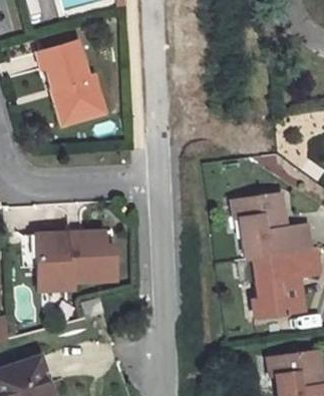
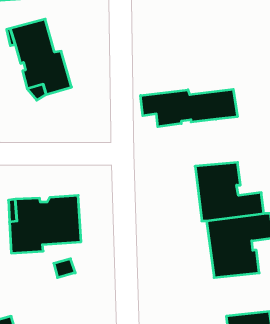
building: none -> [141,89,237,127]

